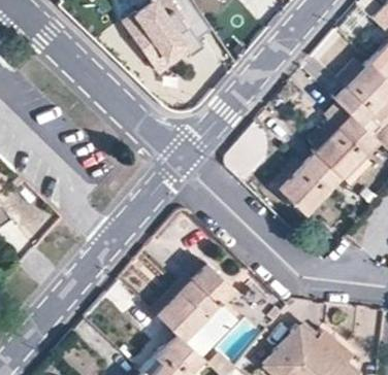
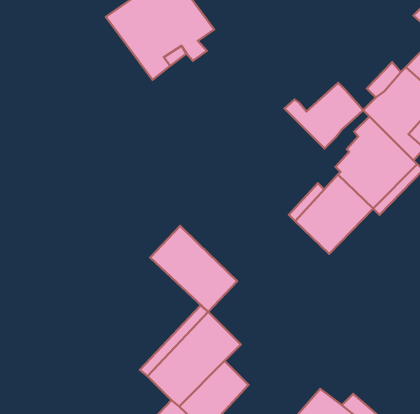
building: none -> [284,83,363,149]
building: none -> [150,226,237,312]

